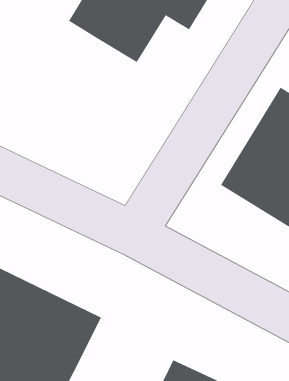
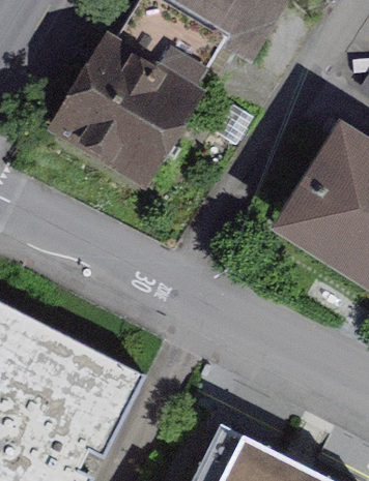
building: none -> [58,49,184,176]

